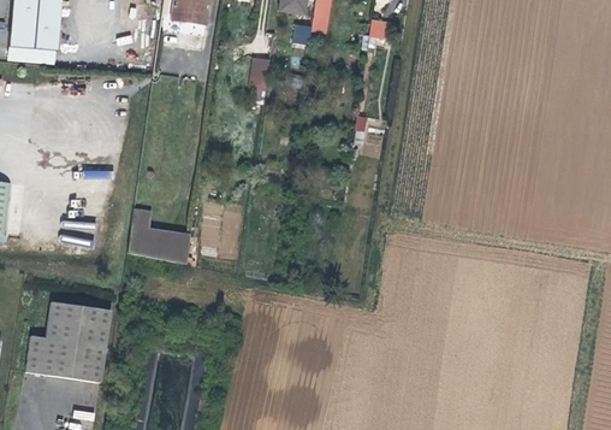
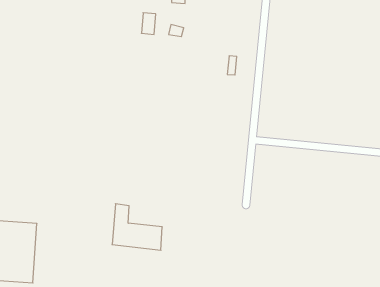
building: [129,201,192,263] -> [112,204,162,250]

